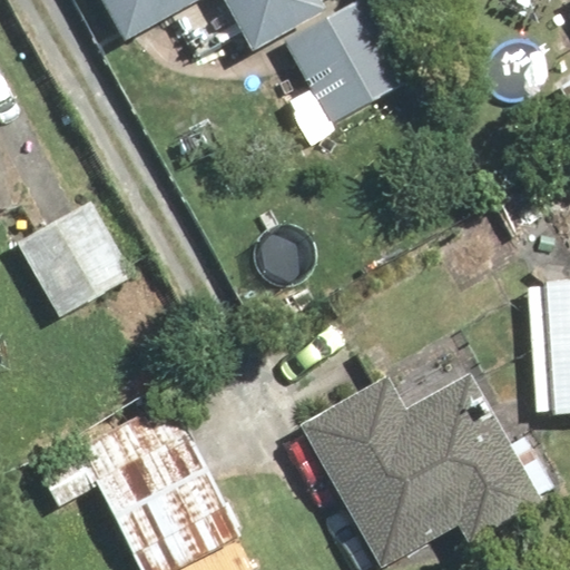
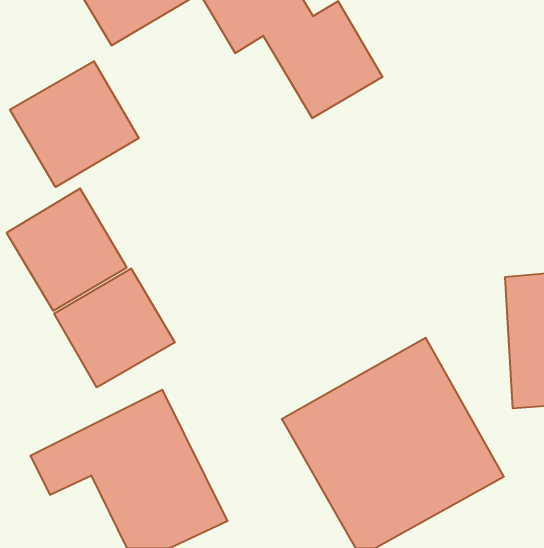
building: none -> [10,61,139,187]
building: none -> [54,268,175,387]

